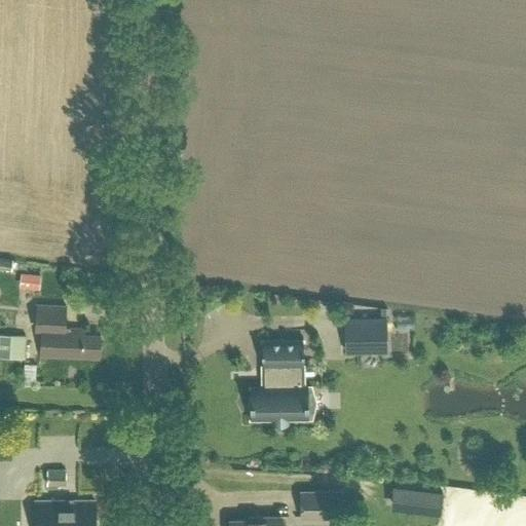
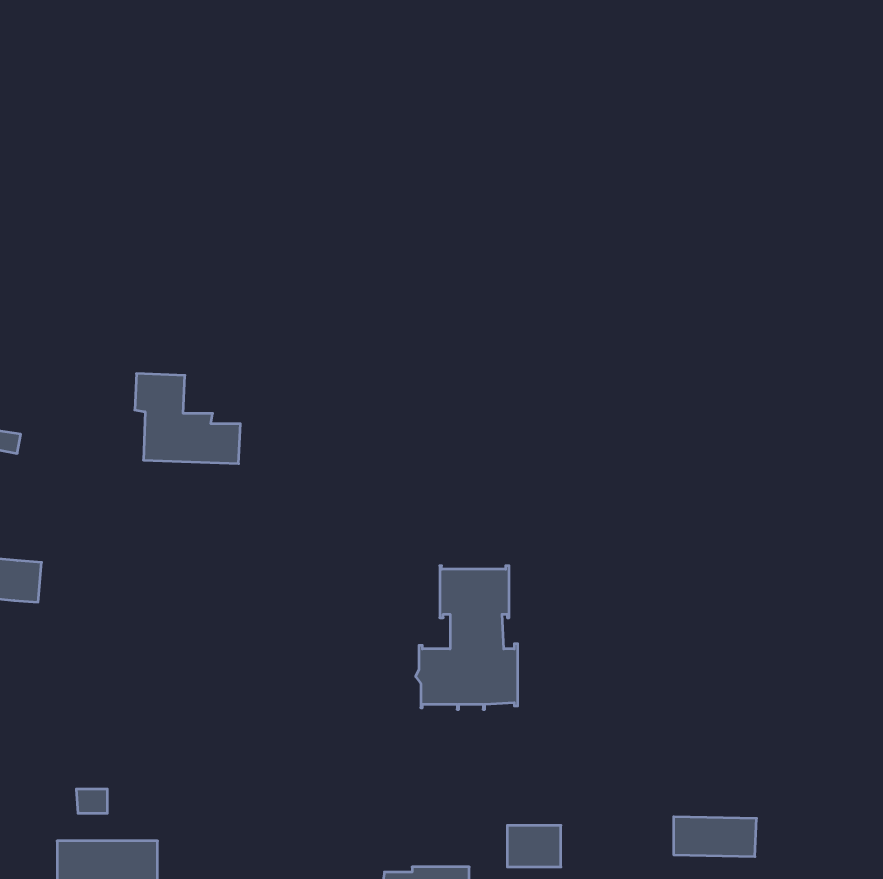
building: [35,306,98,360] -> [135,374,240,464]
building: [344,321,385,354] -> none

